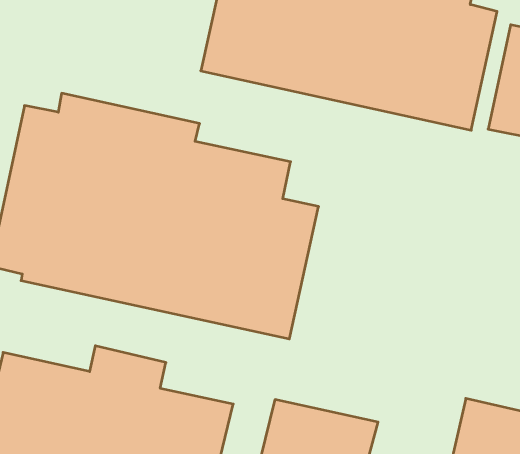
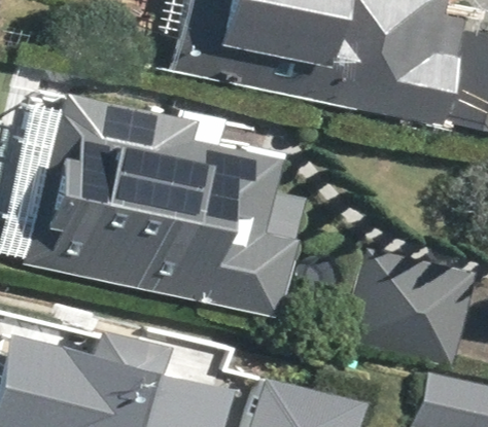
building: none -> [355,245,482,365]

